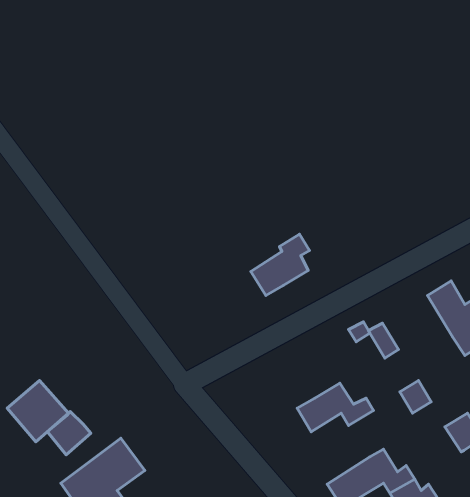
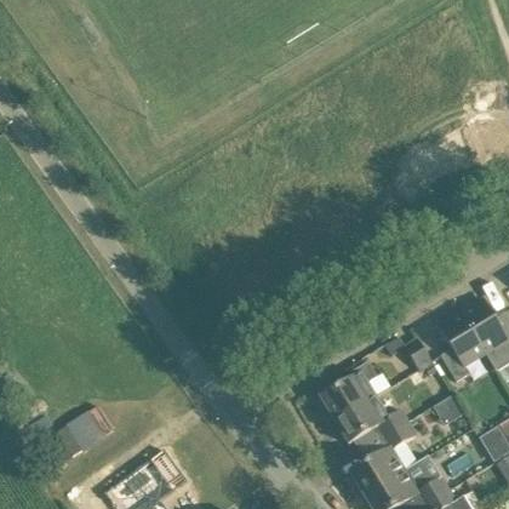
building: [251,234,309,295] -> [320,362,377,422]
building: none -> [437,313,485,382]
building: none -> [349,424,417,496]
building: [47,411,91,455] -> none

